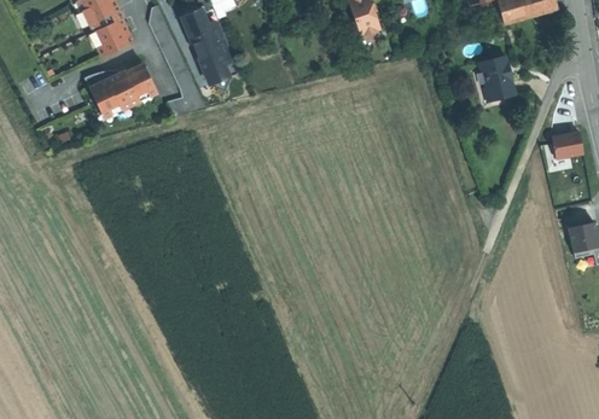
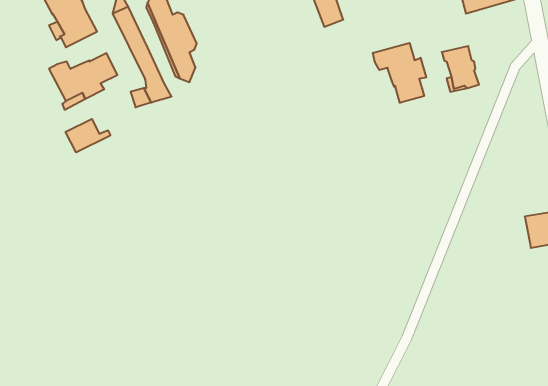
building: none -> [373,43,426,103]
building: none -> [66,119,110,152]
building: [547,132,578,159] -> none

